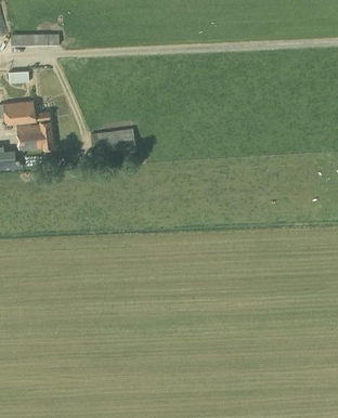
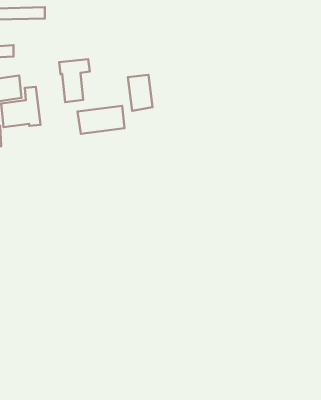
building: none -> [59,59,90,102]
building: none -> [128,75,152,111]

